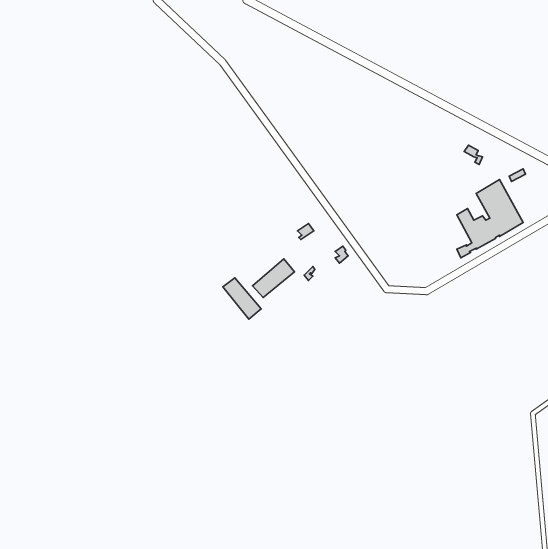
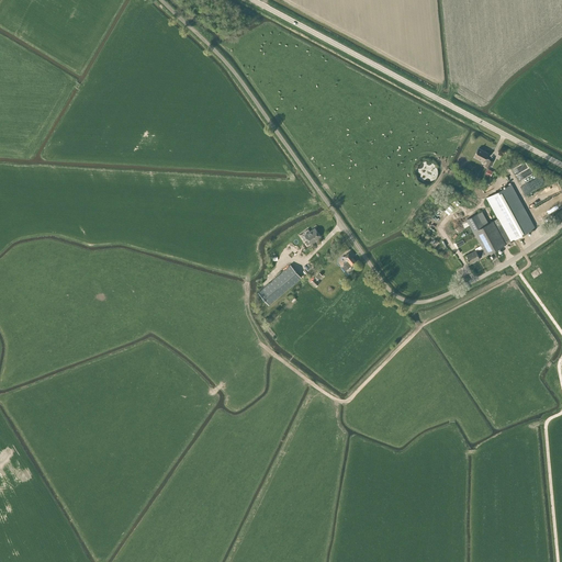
building: [223,278,261,319] -> none

